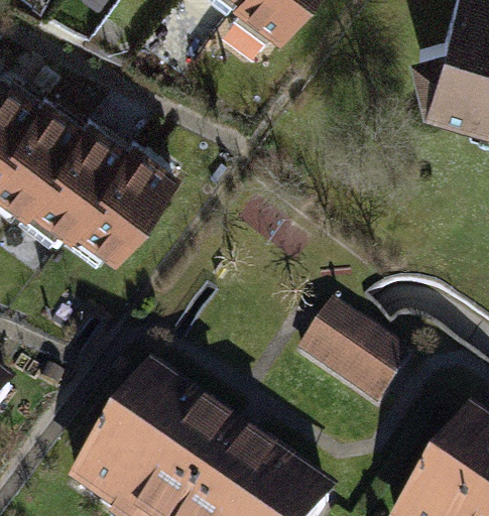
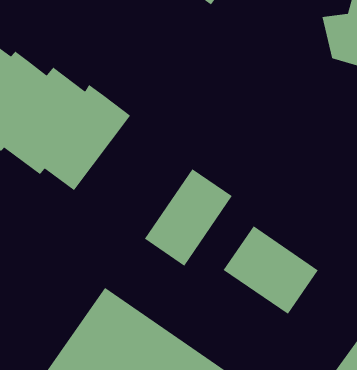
building: none -> [144,168,233,267]

